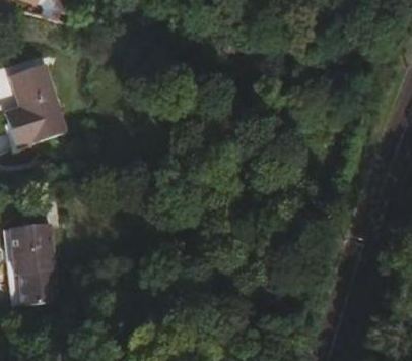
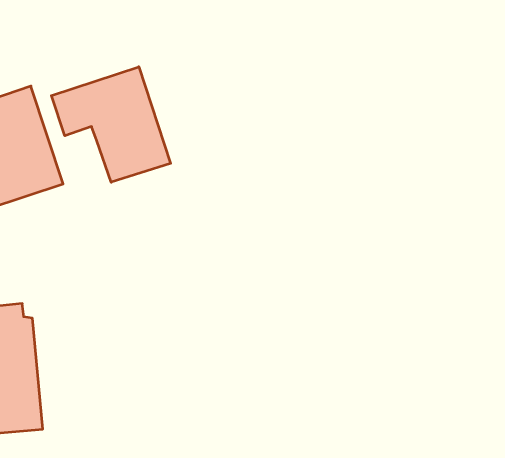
building: none -> [51,67,171,182]

